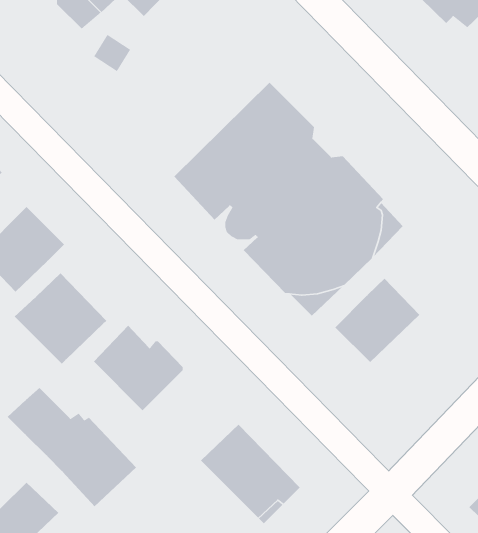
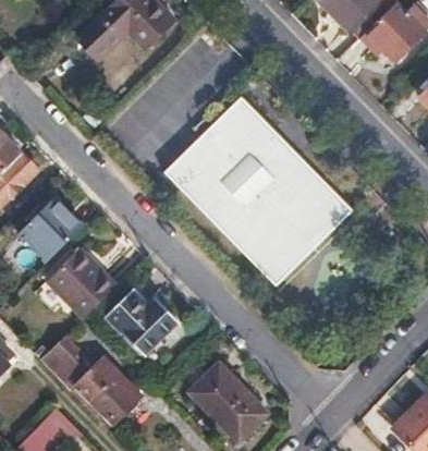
building: [335,278,420,363] -> none

